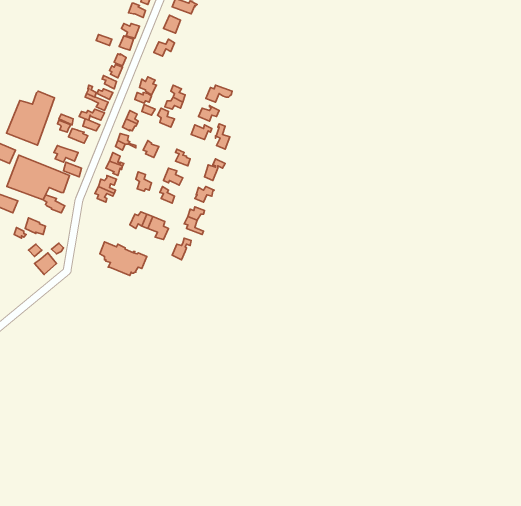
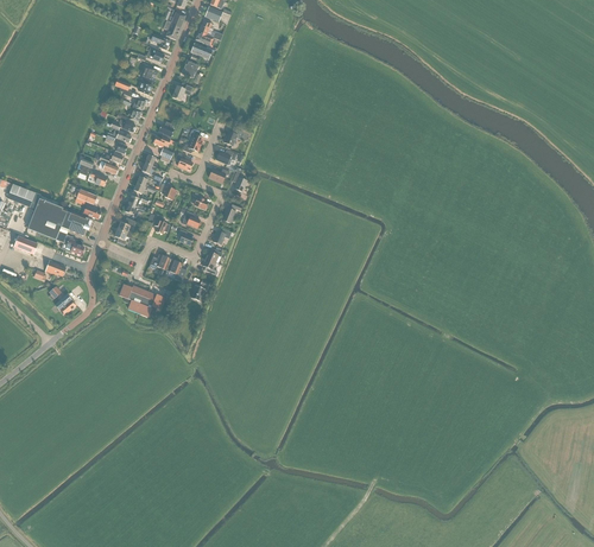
building: [6,91,55,145] -> none

